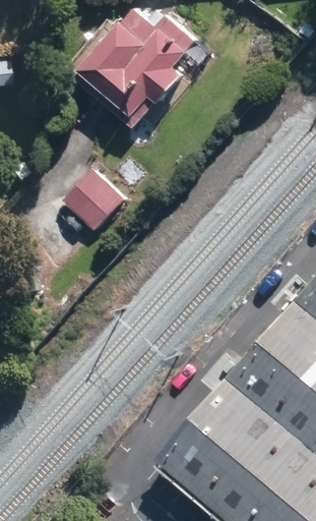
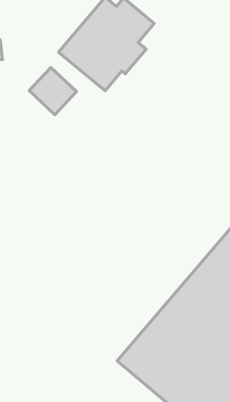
building: [70,169,130,229] -> [29,67,77,115]

